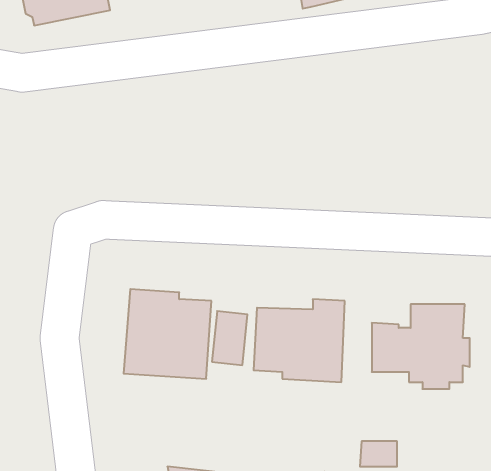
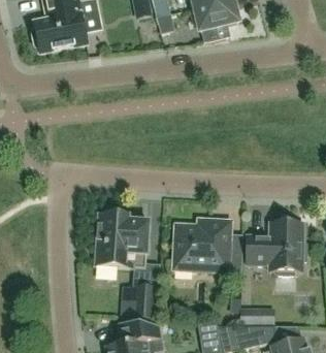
building: [212,311,247,365] -> [135,284,157,317]

